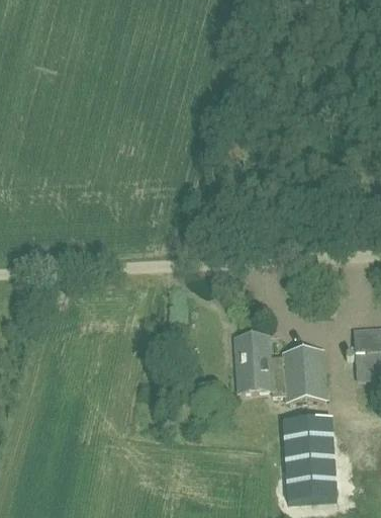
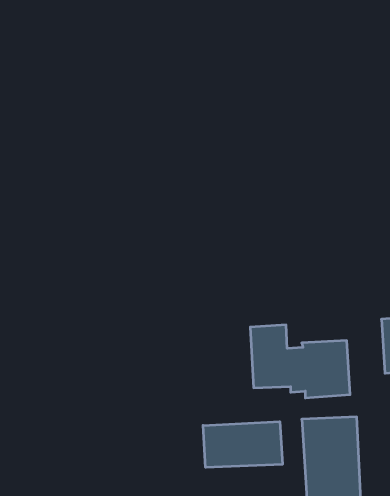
building: none -> [203,422,282,467]

